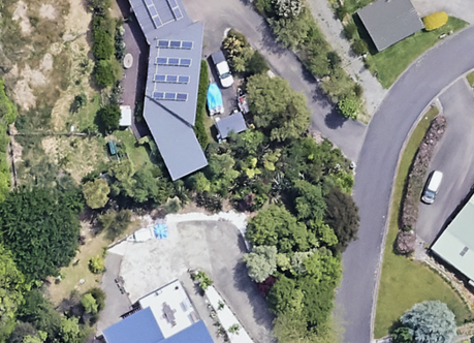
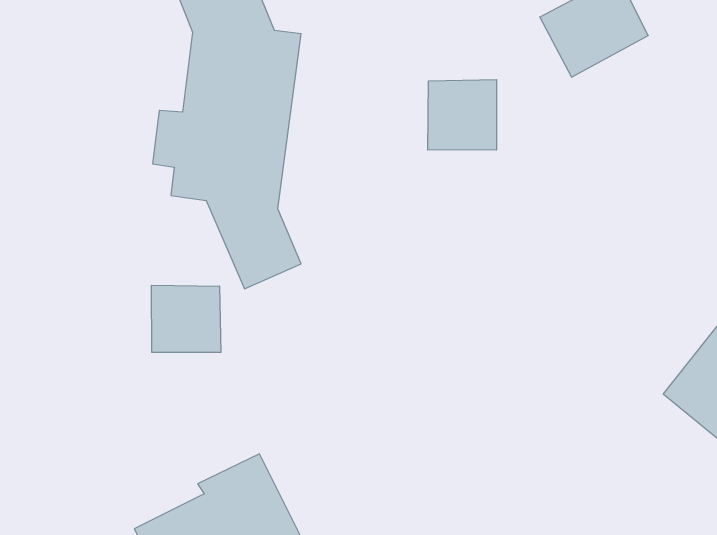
building: none -> [428,80,496,150]
building: none -> [152,285,221,352]

